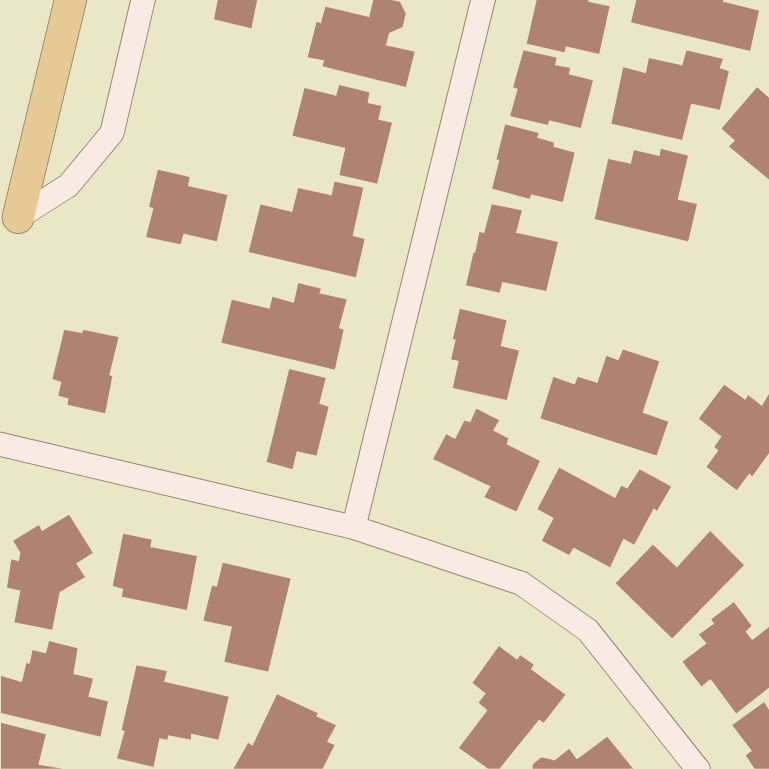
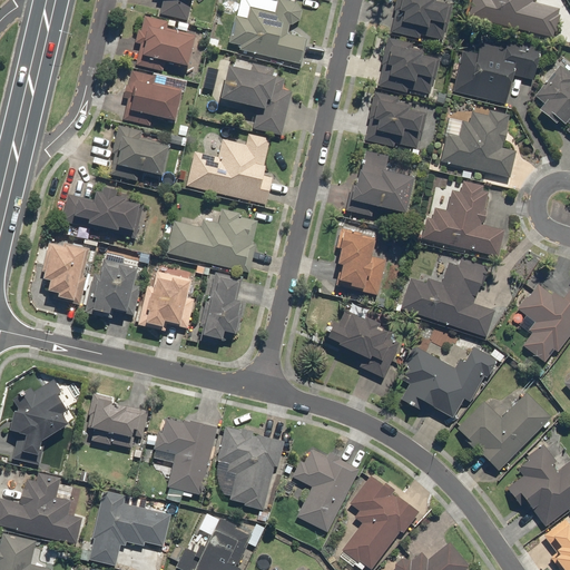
building: none -> [135,14,196,71]
building: none -> [122,70,183,126]
building: none -> [420,180,505,256]
building: none -> [61,188,144,239]
building: none -> [83,258,140,318]
building: none -> [137,271,194,331]
building: none -> [217,424,284,510]
building: none -> [292,450,360,532]

